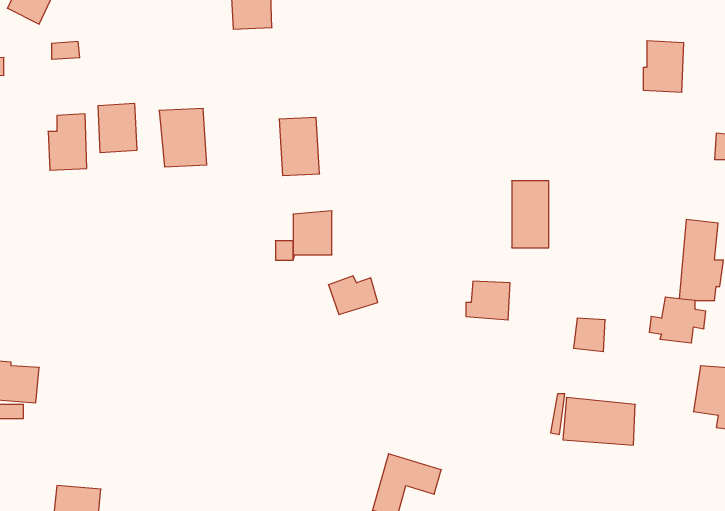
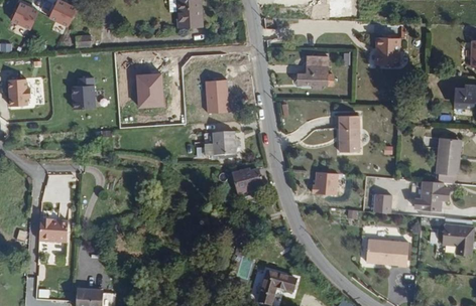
building: [643,41,684,92] -> [377,37,400,66]
building: none -> [292,57,332,93]
building: [98,103,137,153] -> none

